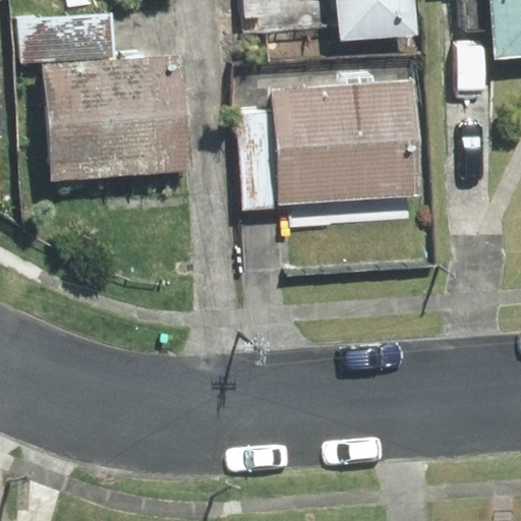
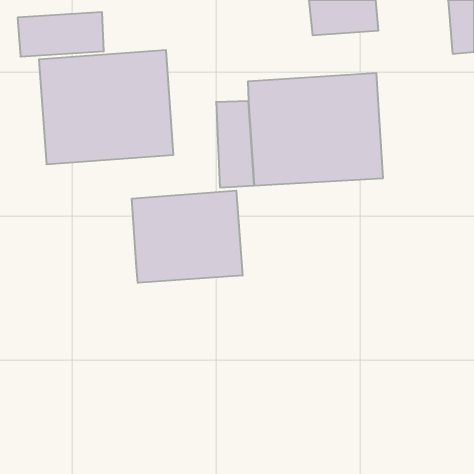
building: none -> [132,191,242,283]

